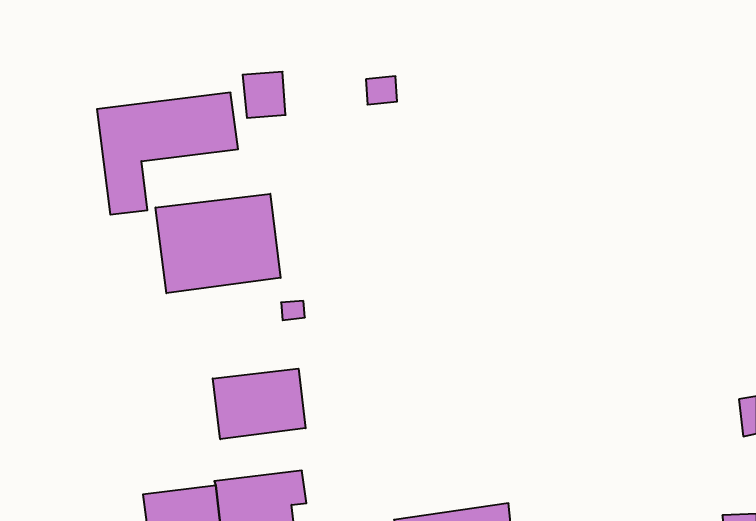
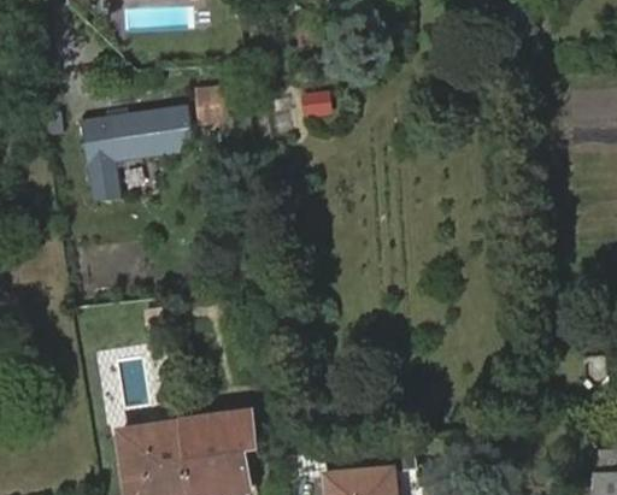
building: [156,194,281,293] -> none
building: [213,369,306,439] -> none

